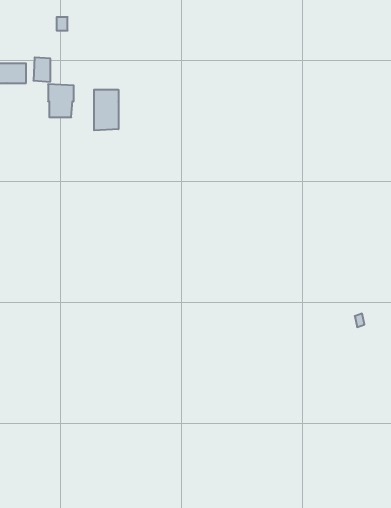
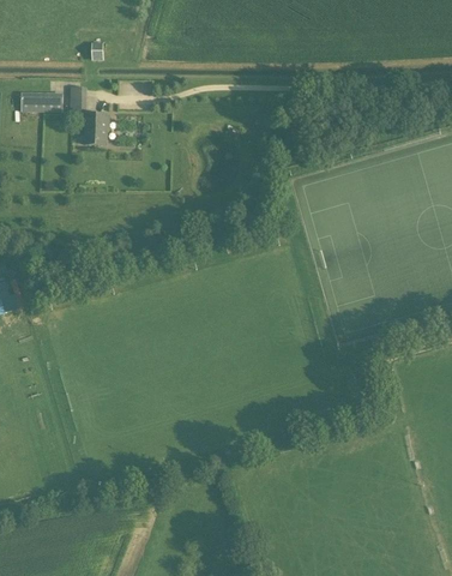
building: [94,90,118,130] -> none

